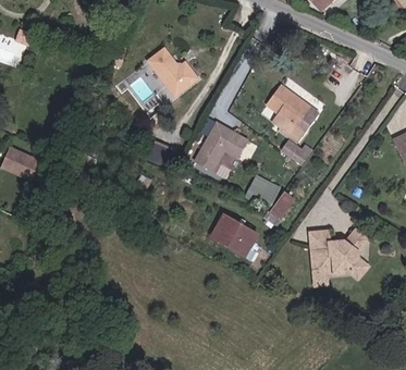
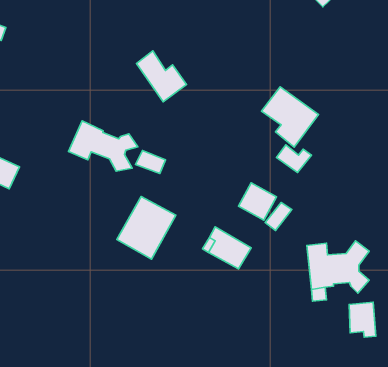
building: none -> [69,121,138,171]
building: [194,121,249,180] -> [117,196,176,259]
building: none -> [349,302,376,337]

